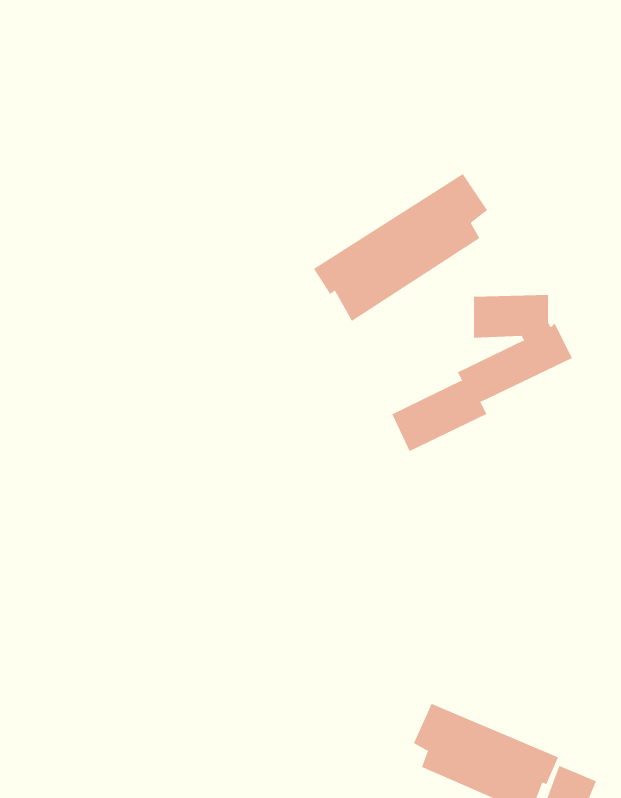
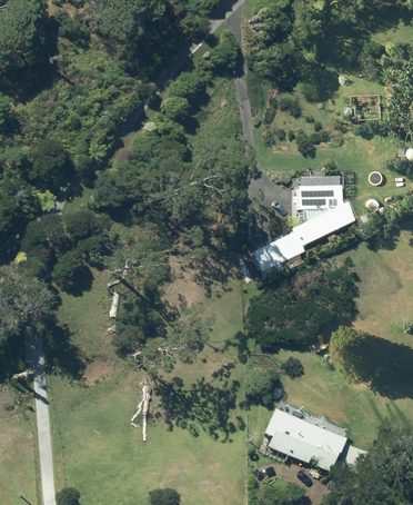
building: [313,173,488,322] -> none

